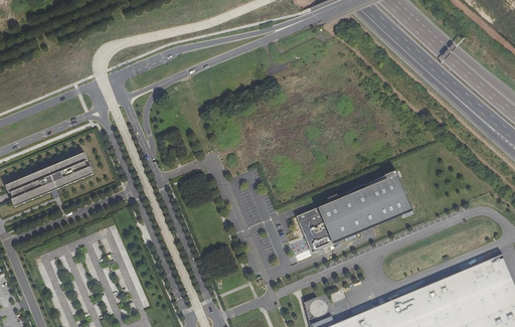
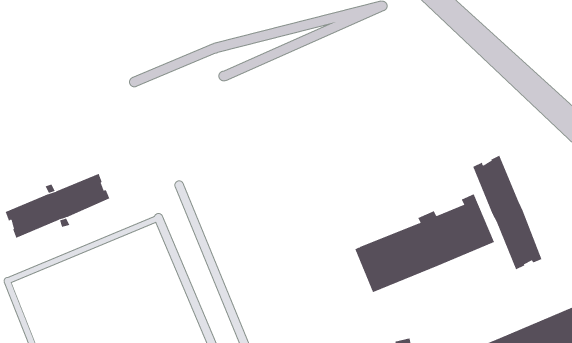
building: none -> [472,155,542,270]

